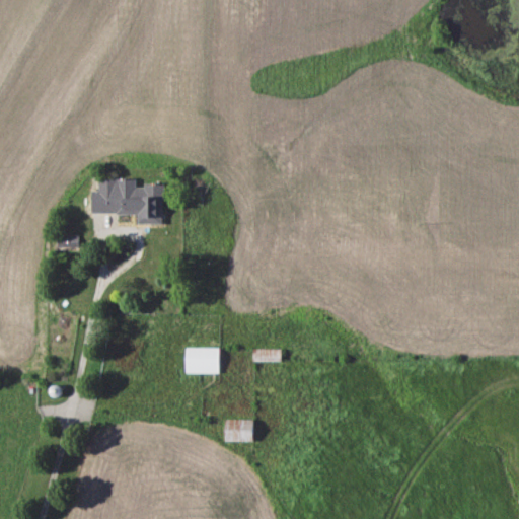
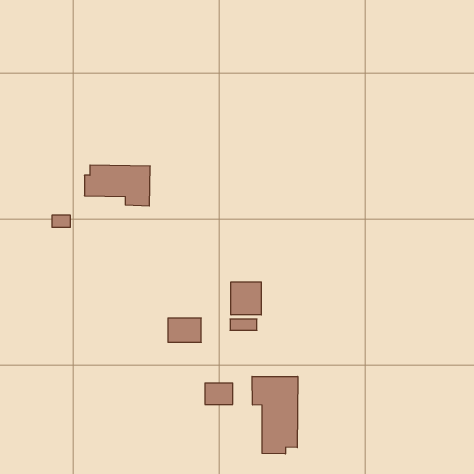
building: none -> [231,282,261,315]
building: none -> [252,376,298,454]

